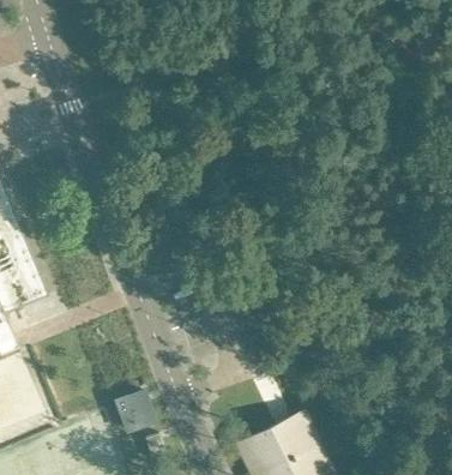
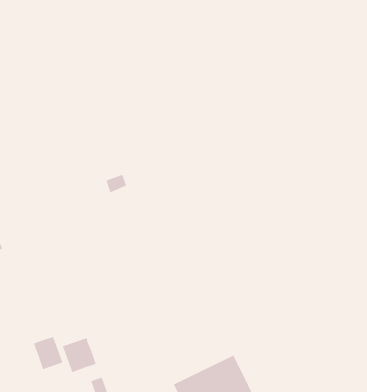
building: none -> [33,336,63,370]

